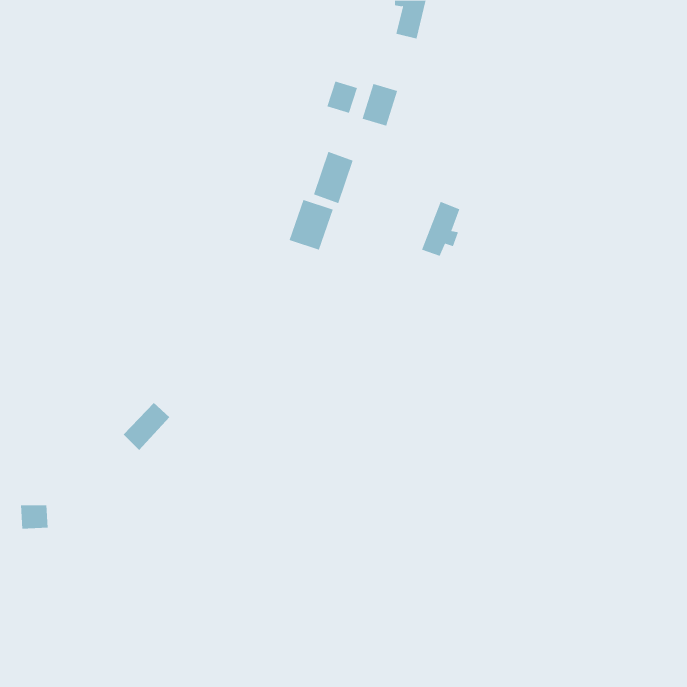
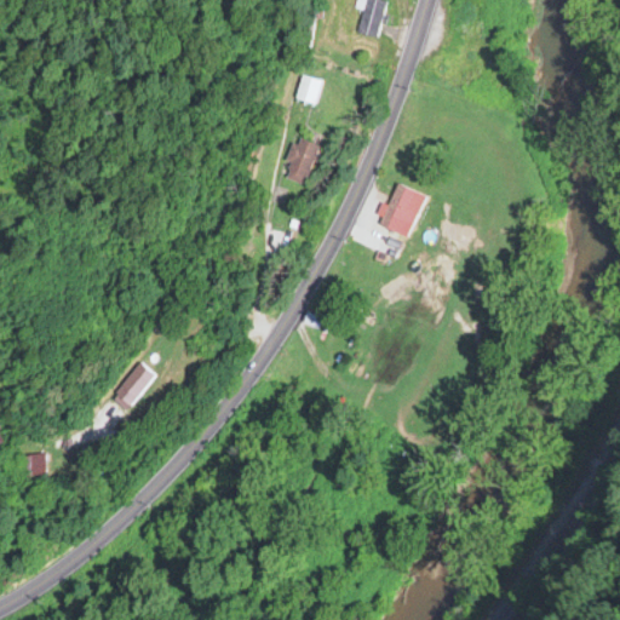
building: [362,83,398,126] -> none
building: [289,199,333,250] -> none

